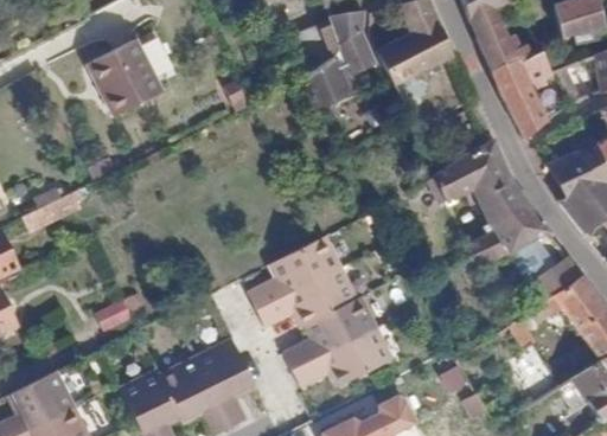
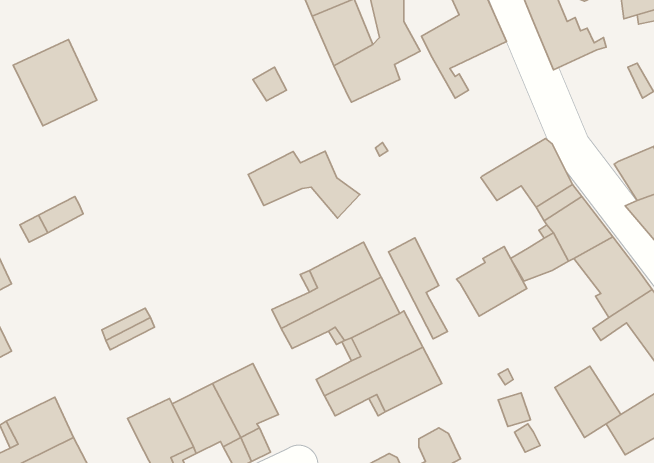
building: [91,37,165,113] -> [13,40,97,126]
building: [496,63,550,142] -> none
building: none -> [248,151,360,218]
building: none -> [389,238,447,339]
building: none -> [457,247,527,316]

